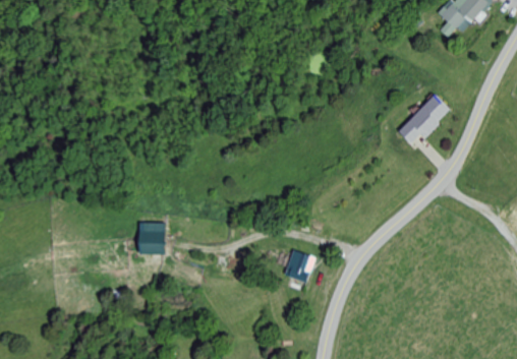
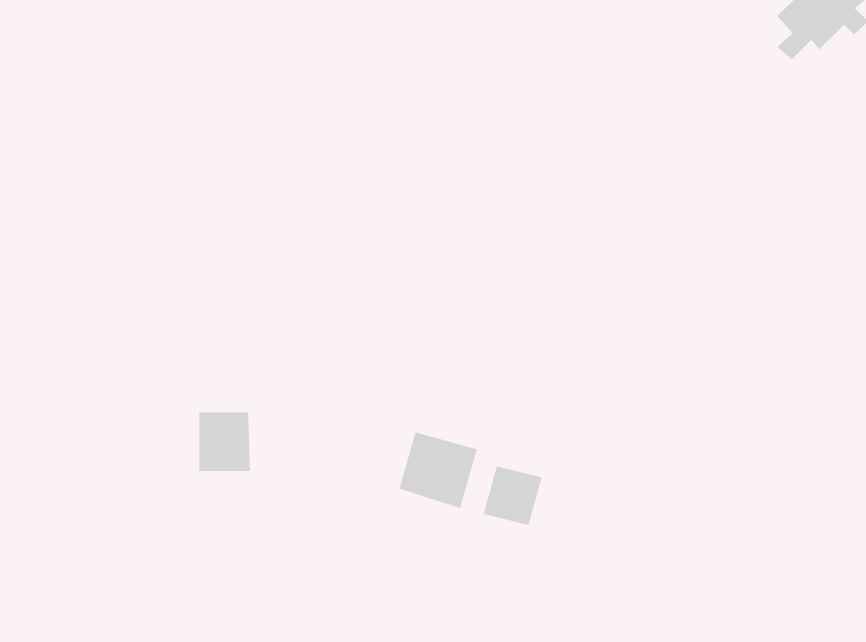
building: [397,94,452,143] -> none
building: none -> [399,431,477,509]

